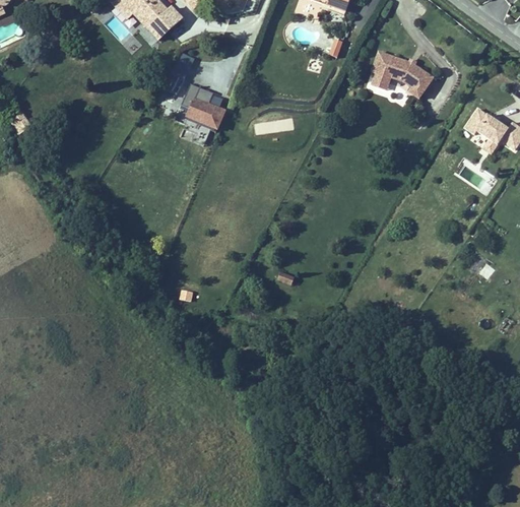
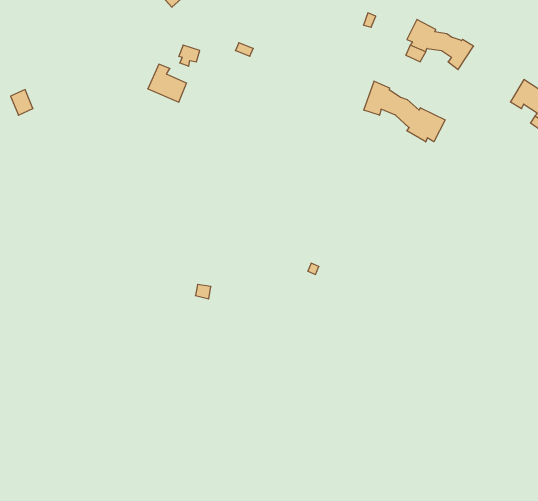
building: [189,93,224,128] -> [148,64,187,102]
building: none -> [364,81,445,142]

